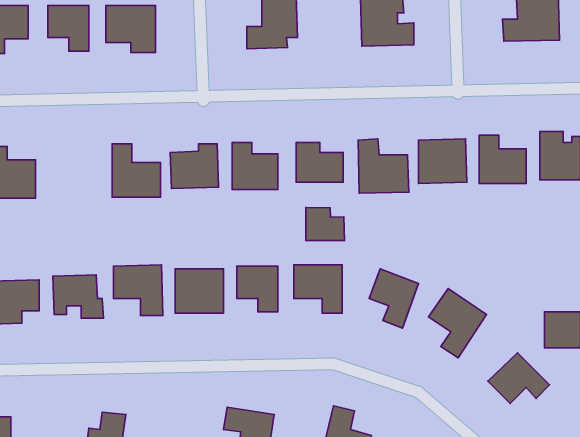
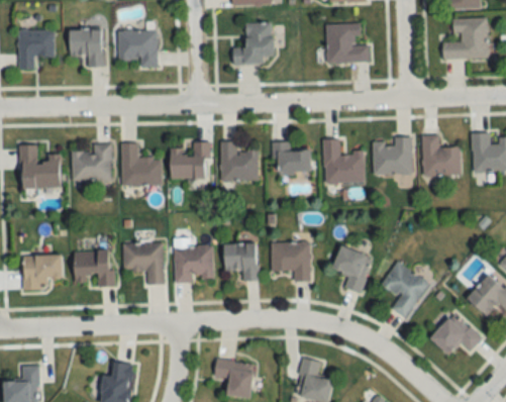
building: none -> [72,144,111,182]
building: [306,208,345,241] -> none

